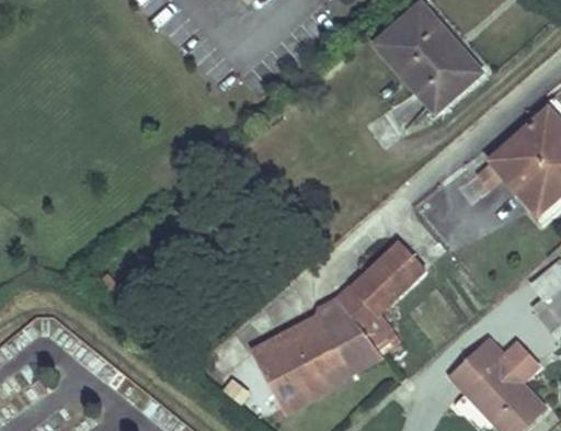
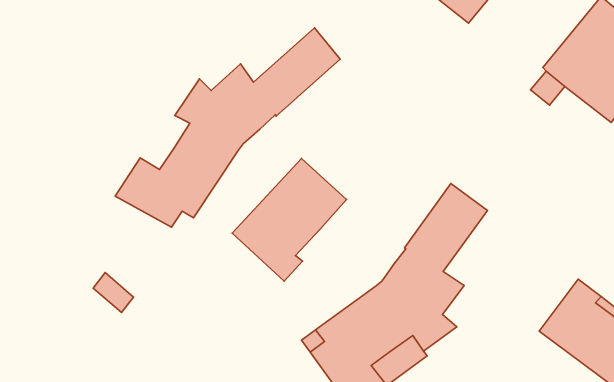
building: none -> [115,28,340,227]
building: none -> [232,159,346,281]

